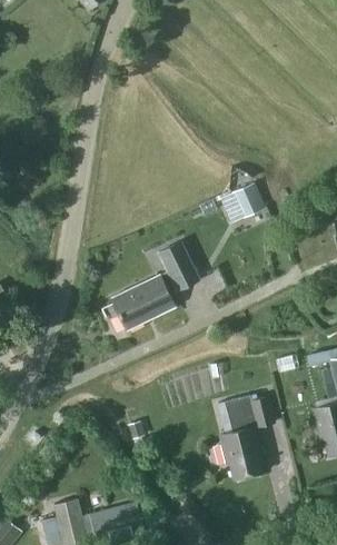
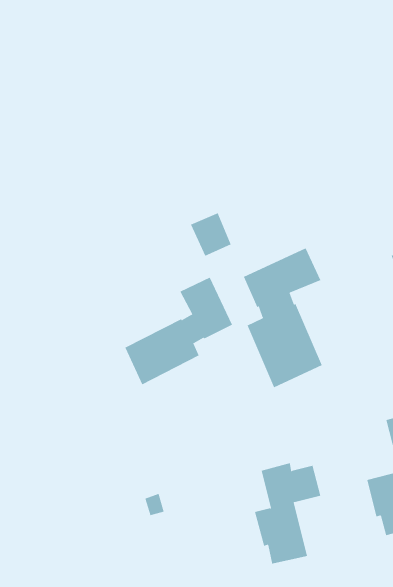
building: [231,182,266,219] -> [190,213,232,257]
building: none -> [243,248,322,388]

